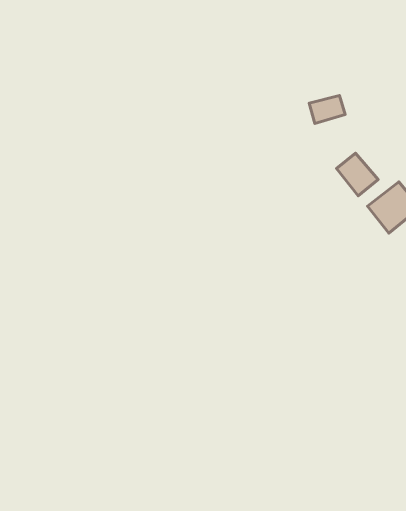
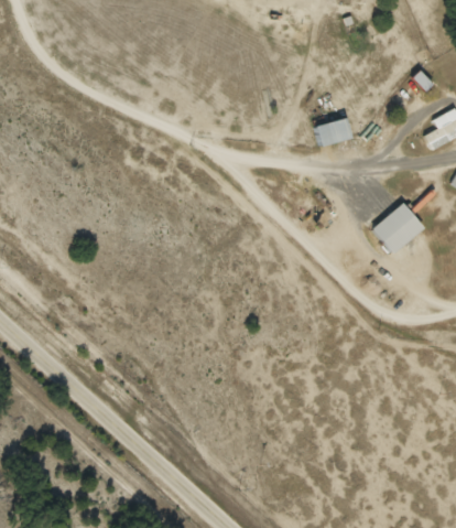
building: [336,153,378,196] -> none

